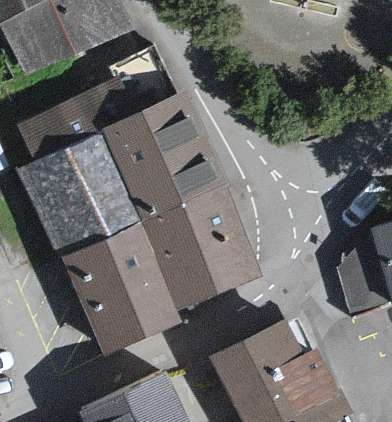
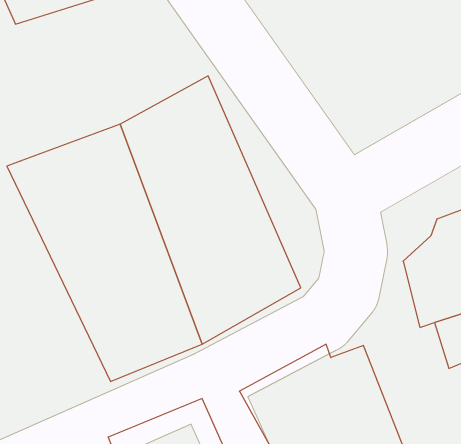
building: [14,49,180,170] -> none

